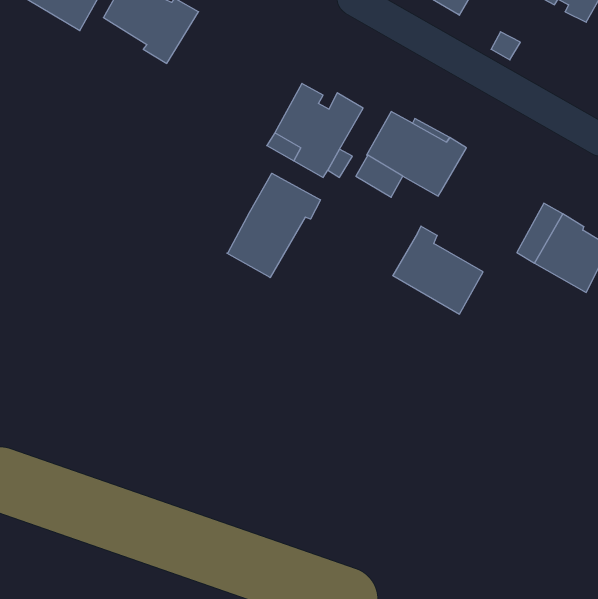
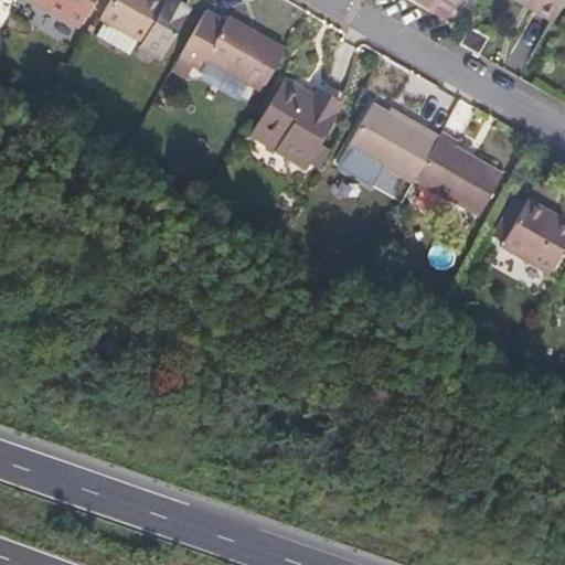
building: none -> [178,7,289,92]
building: [227,173,320,278] -> none
building: [393,226,483,314] -> [417,132,502,215]

